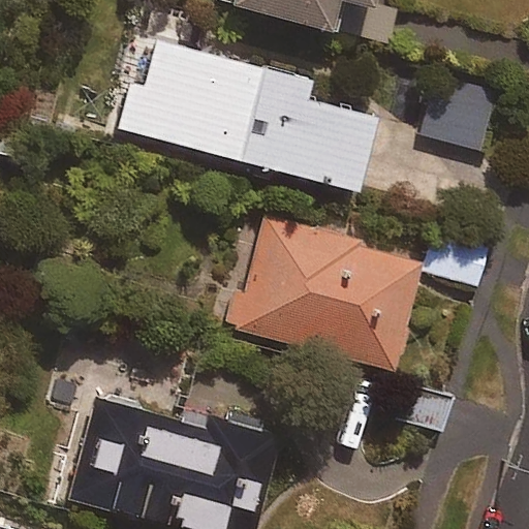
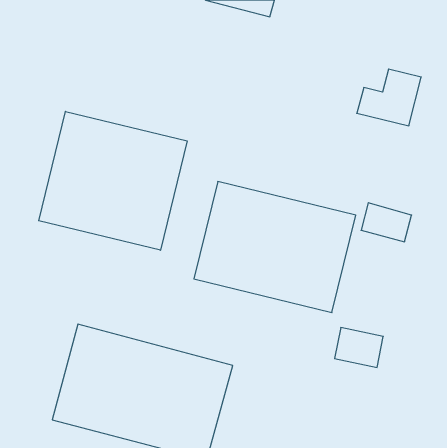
building: [120,40,372,188] -> none
building: none -> [39,111,187,250]

